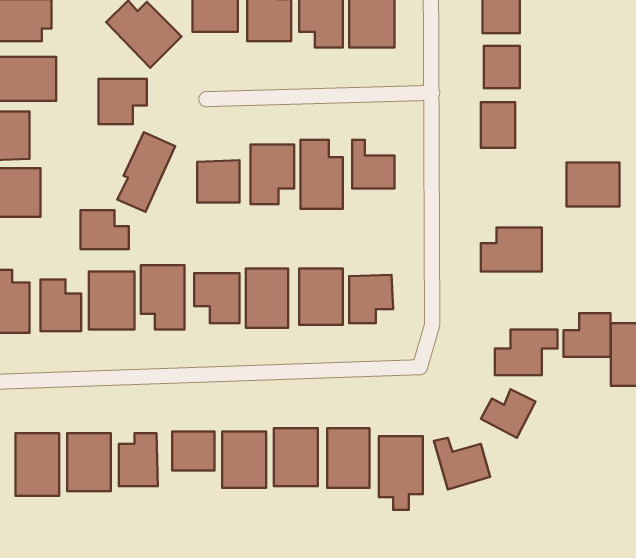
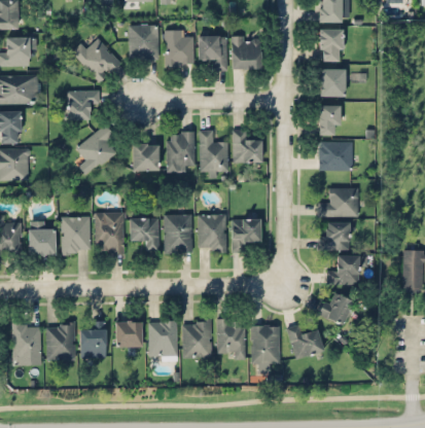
building: [566,163,620,206] -> [318,141,353,170]
building: [80,210,129,249] -> none
building: [564,313,611,357] -> [318,221,349,250]

